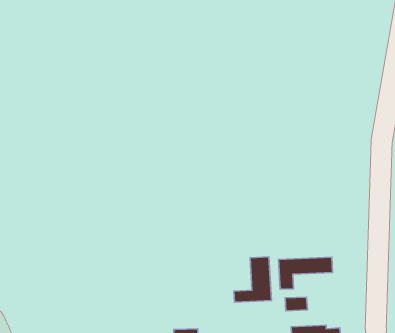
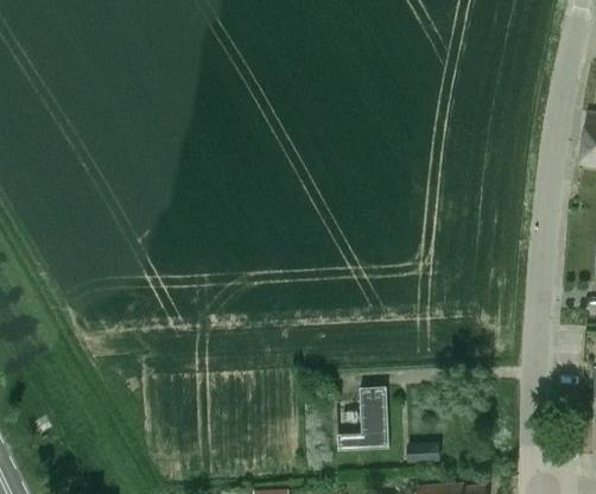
building: [279,257,333,289] -> none

